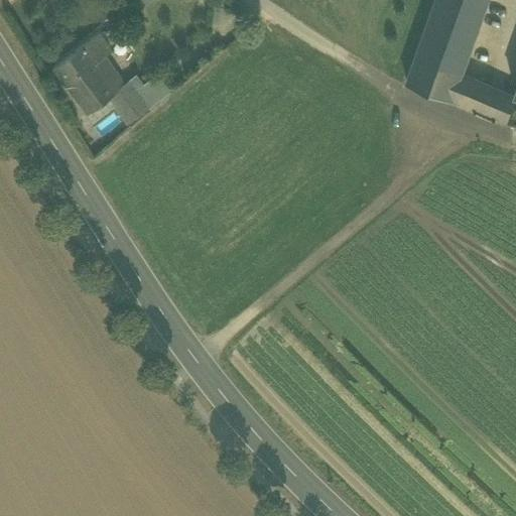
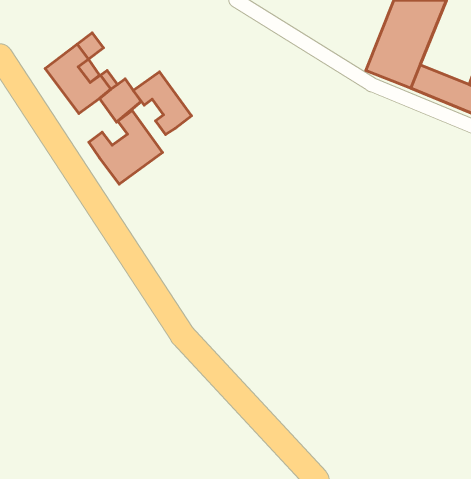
building: none -> [133,72,192,134]
building: none -> [89,111,162,184]

